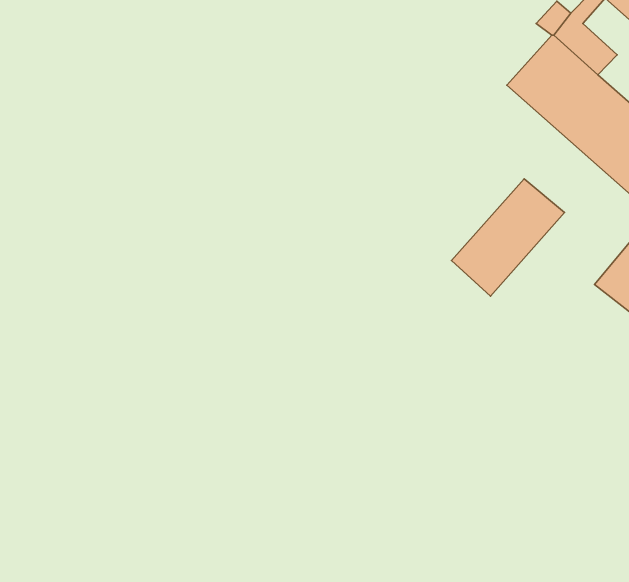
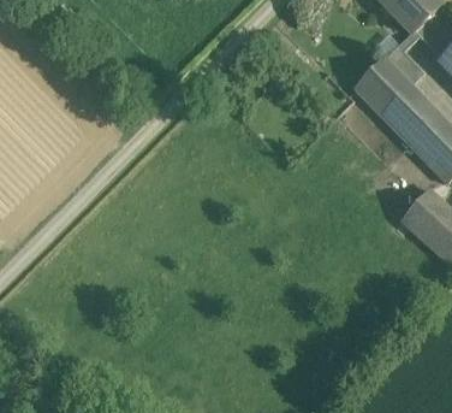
building: [452,179,565,296] -> none

